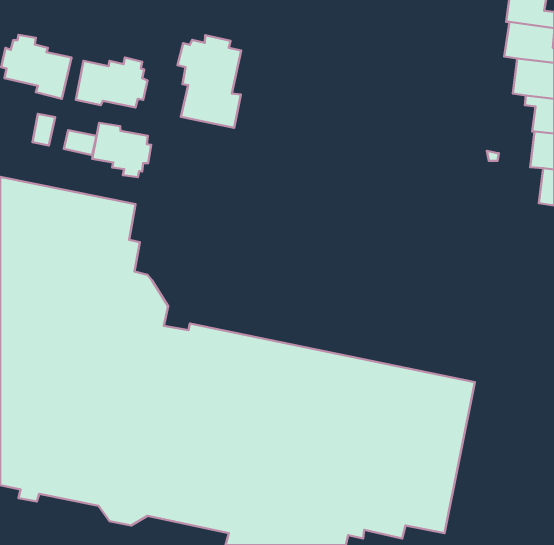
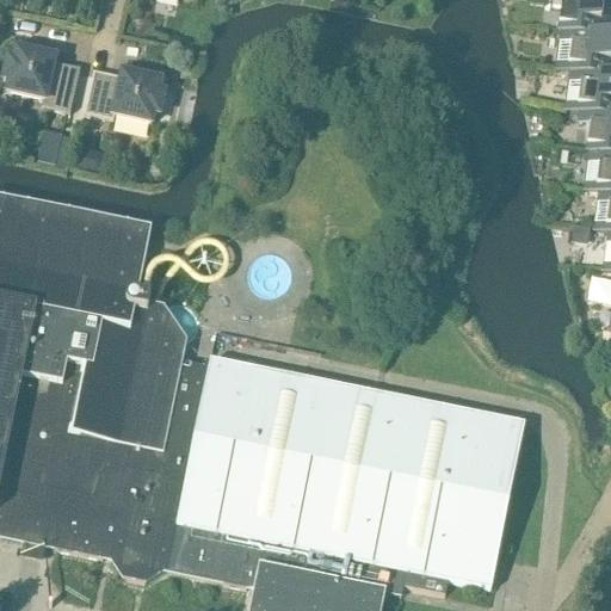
building: [177,35,241,128] -> none
building: [92,123,151,177] -> none

